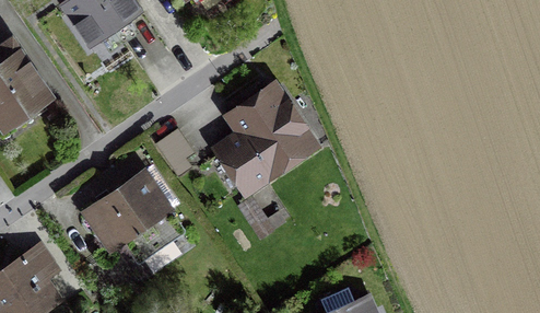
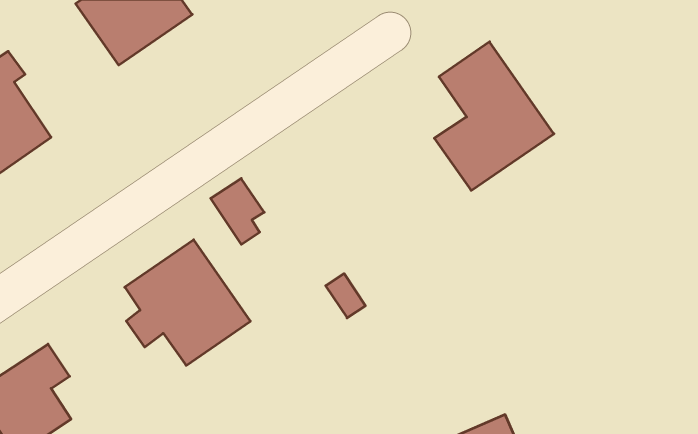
building: [224,79,309,185] -> [434,42,554,190]

